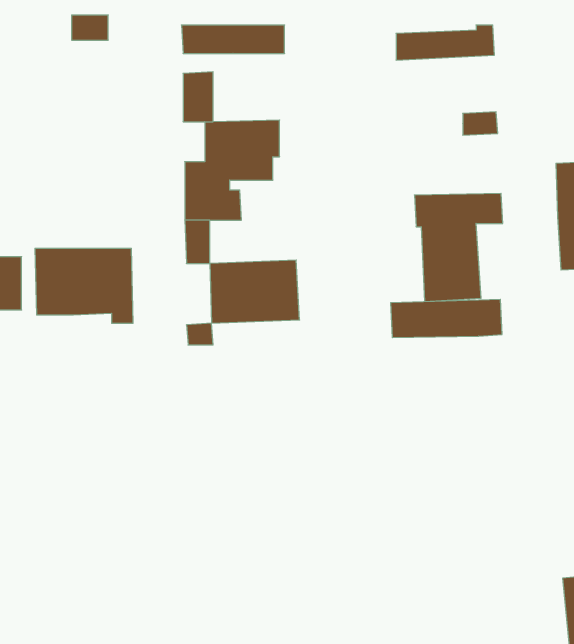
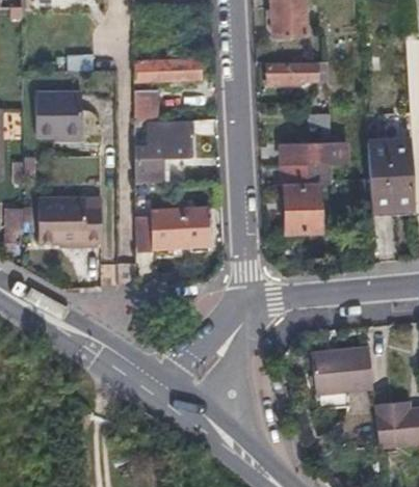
building: none -> [41,91,87,137]
building: [391,299,502,338] -> [279,142,348,166]
building: none -> [310,348,371,394]

